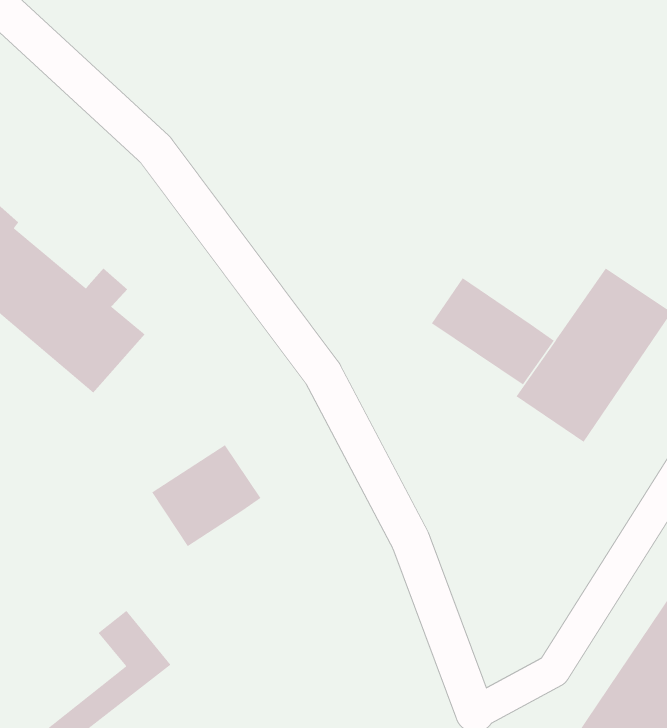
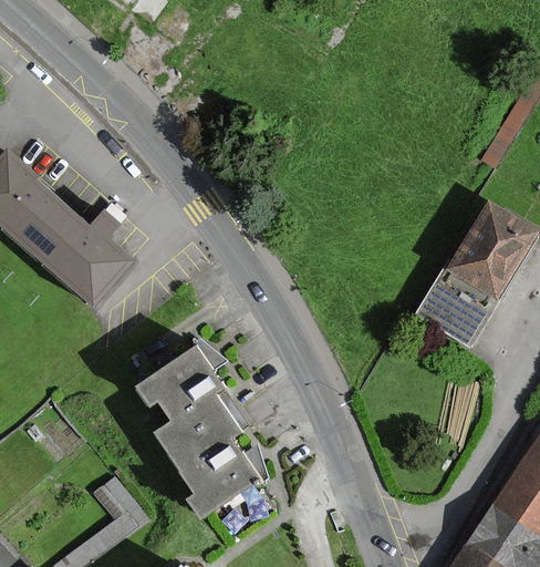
building: [431,277,555,385] -> none
building: none -> [152,395,260,512]

